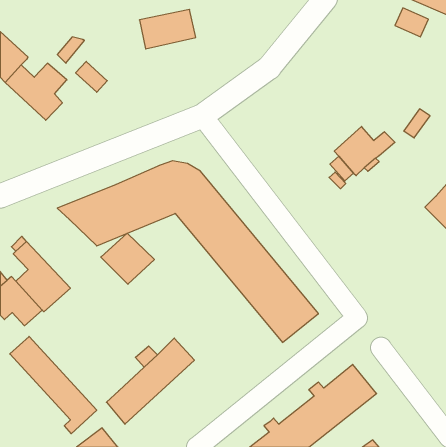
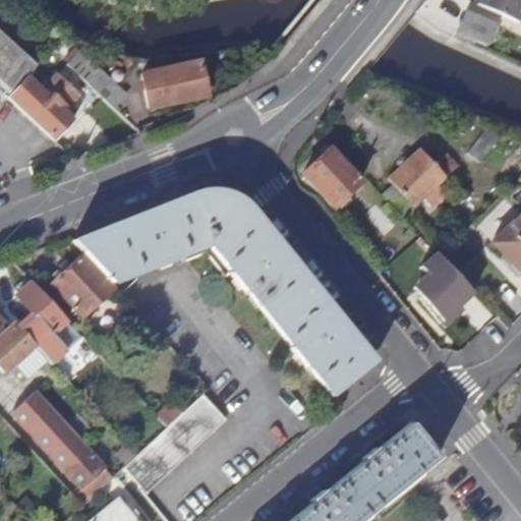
building: [139,9,196,49] -> [144,61,210,107]
building: none -> [305,147,363,205]
building: none -> [418,248,474,319]
building: [101,233,154,284] -> [54,254,116,313]

